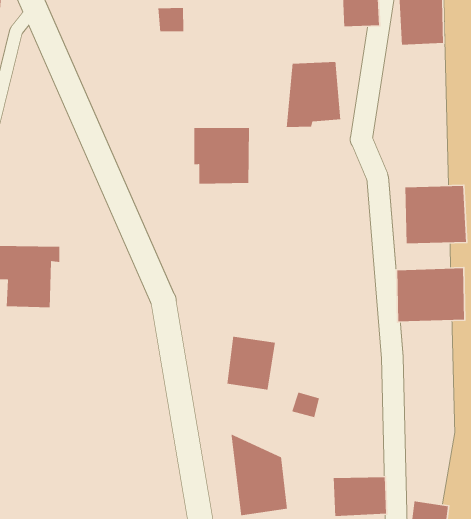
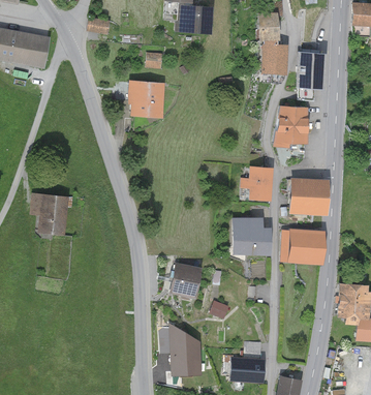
building: [286,61,341,128] -> [273,105,308,147]
building: [193,127,250,185] -> [128,80,165,118]
building: none -> [240,165,274,201]
building: none -> [233,217,272,254]

